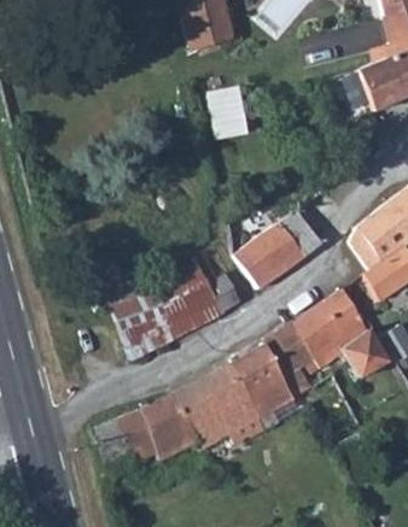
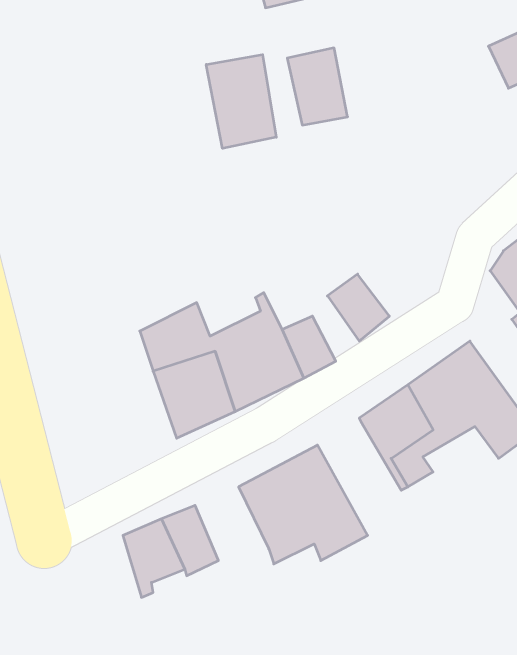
building: none -> [206,55,276,148]
building: [255,210,315,271] -> none
building: [231,347,291,429] -> none
building: [136,394,196,469] -> none

